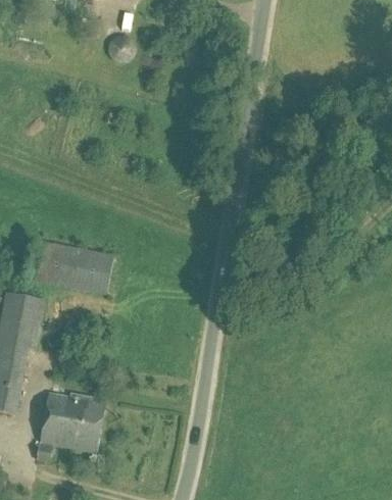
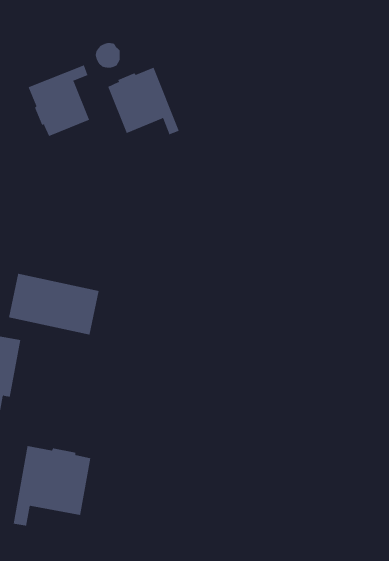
building: none -> [28,65,90,137]
building: none -> [107,67,179,135]

